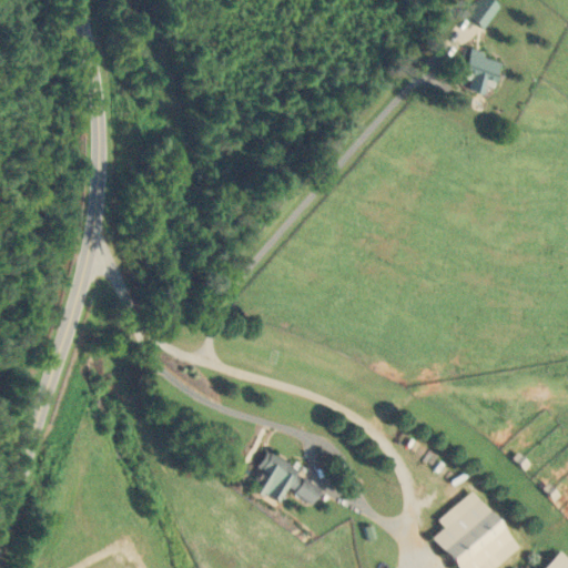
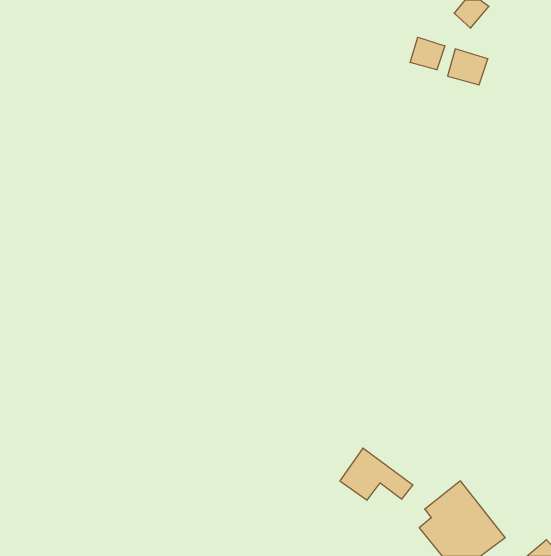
building: none -> [410,37,445,70]
building: [250,452,324,505] -> [340,448,413,500]

